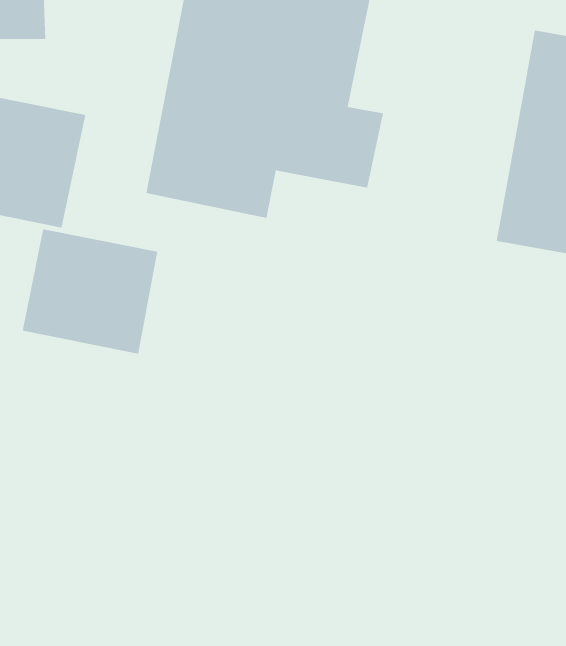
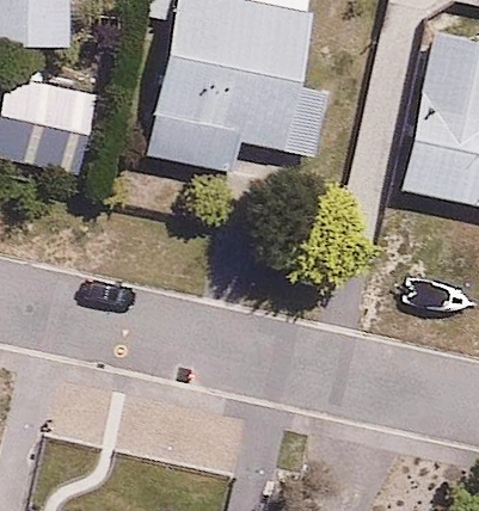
building: [22,229,158,354] -> none

